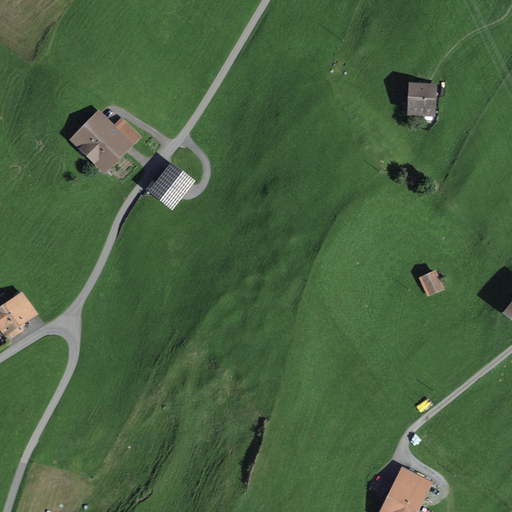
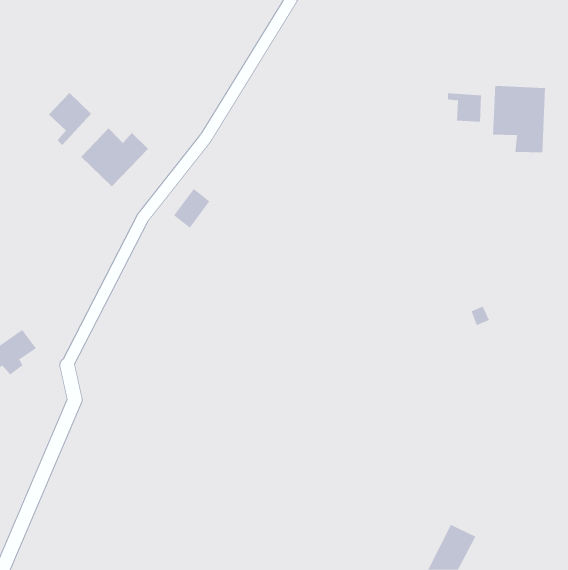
building: none -> [492,85,545,153]
building: none -> [48,92,92,146]

